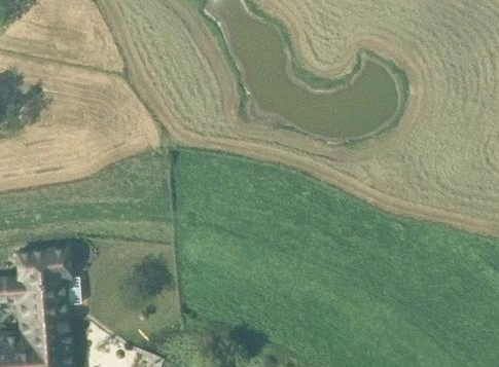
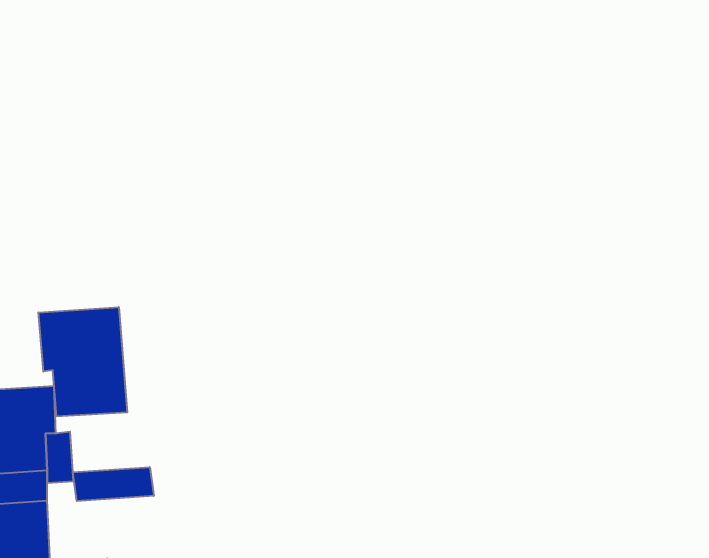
building: none -> [38,307,127,416]
building: none -> [73,467,154,501]

